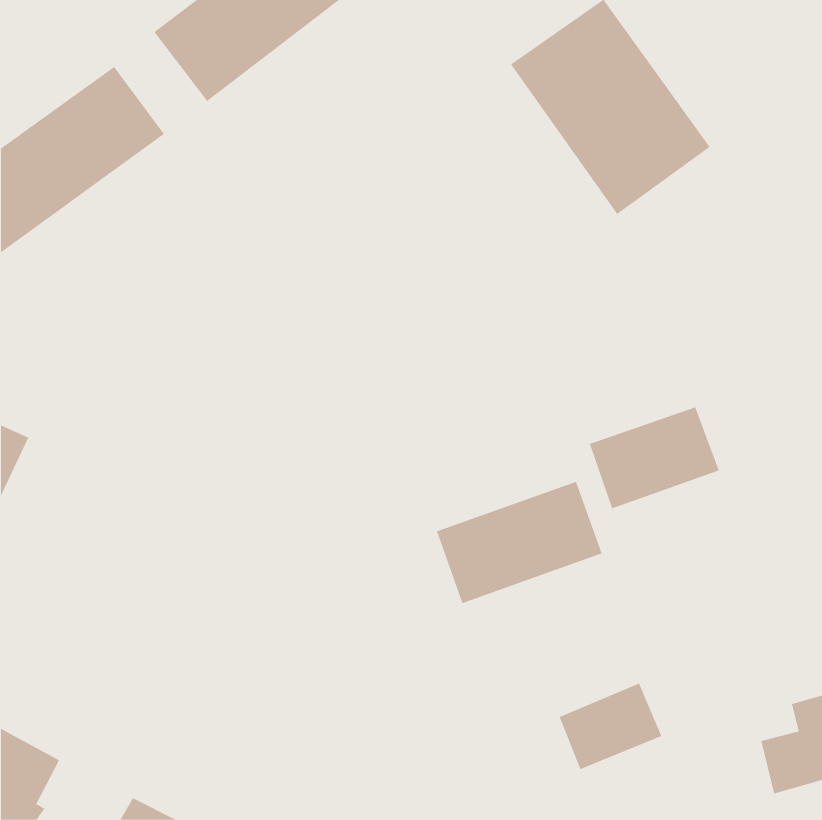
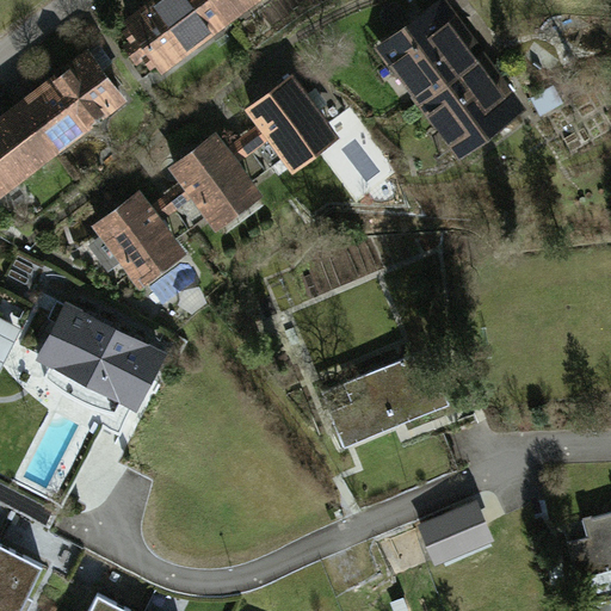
building: none -> [91,76,334,289]
building: none -> [16,296,163,414]
building: [589,406,720,509] -> none

